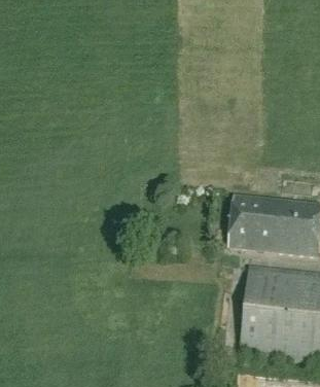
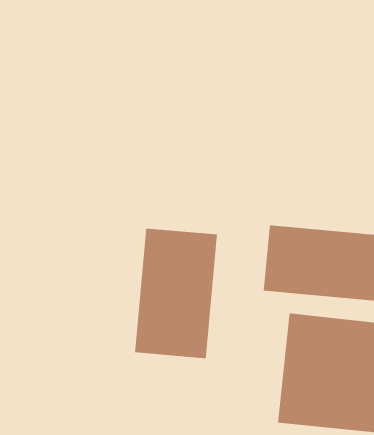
building: none -> [134,228,218,359]

